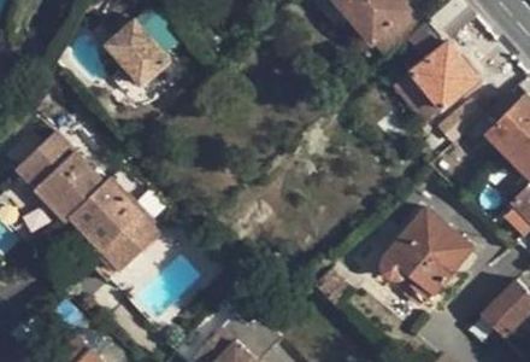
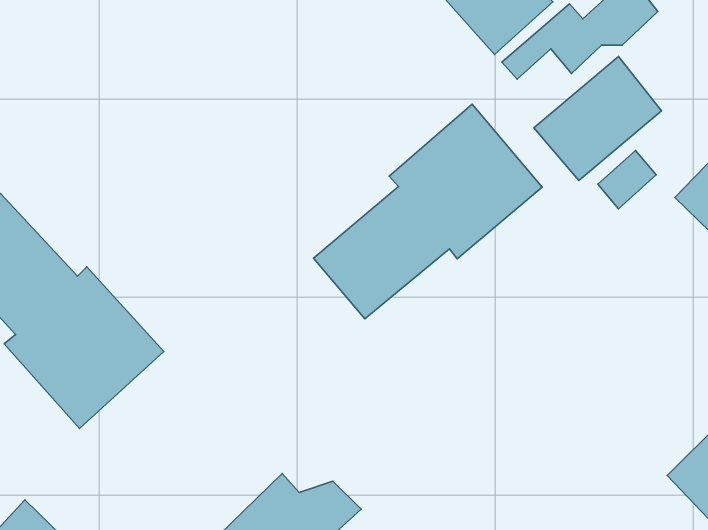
building: [106,19,172,87] -> none
building: none -> [314,104,542,319]
building: [379,208,471,299] -> none

